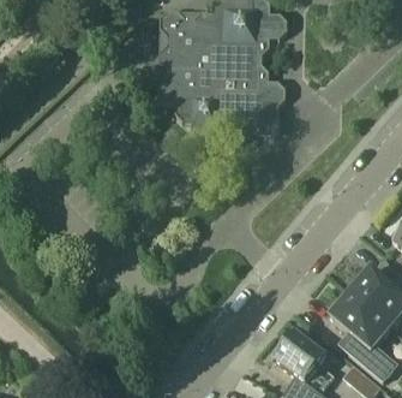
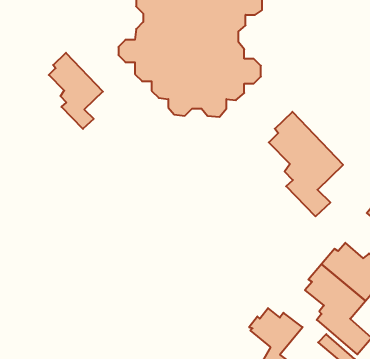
building: none -> [49,53,103,129]
building: none -> [269,112,343,216]

